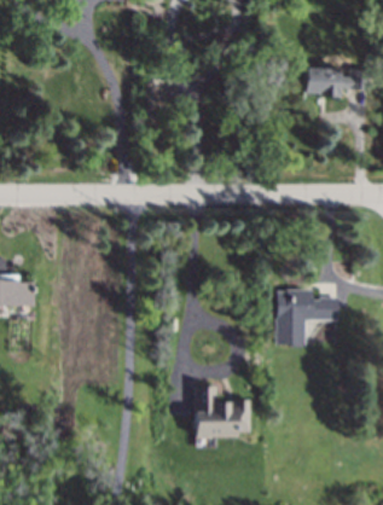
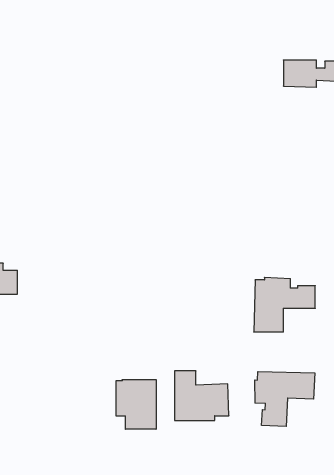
building: none -> [255,372,315,426]
building: none -> [116,380,156,429]

